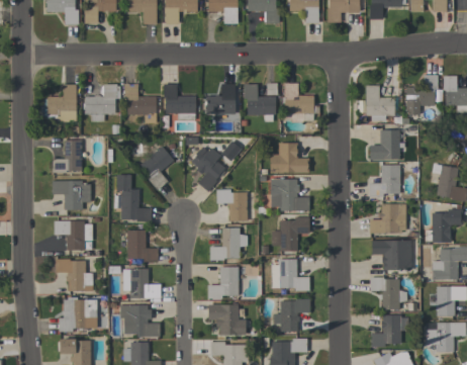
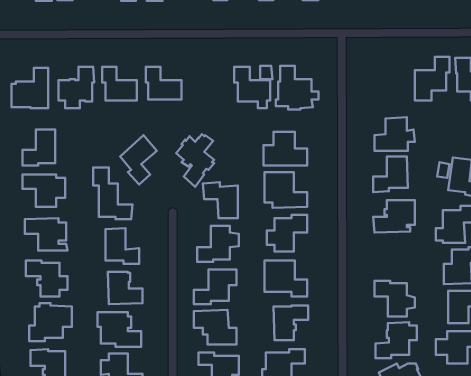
building: [206,83,236,114] -> none
building: [366,85,395,120] -> none
building: [372,240,411,270] -> none

